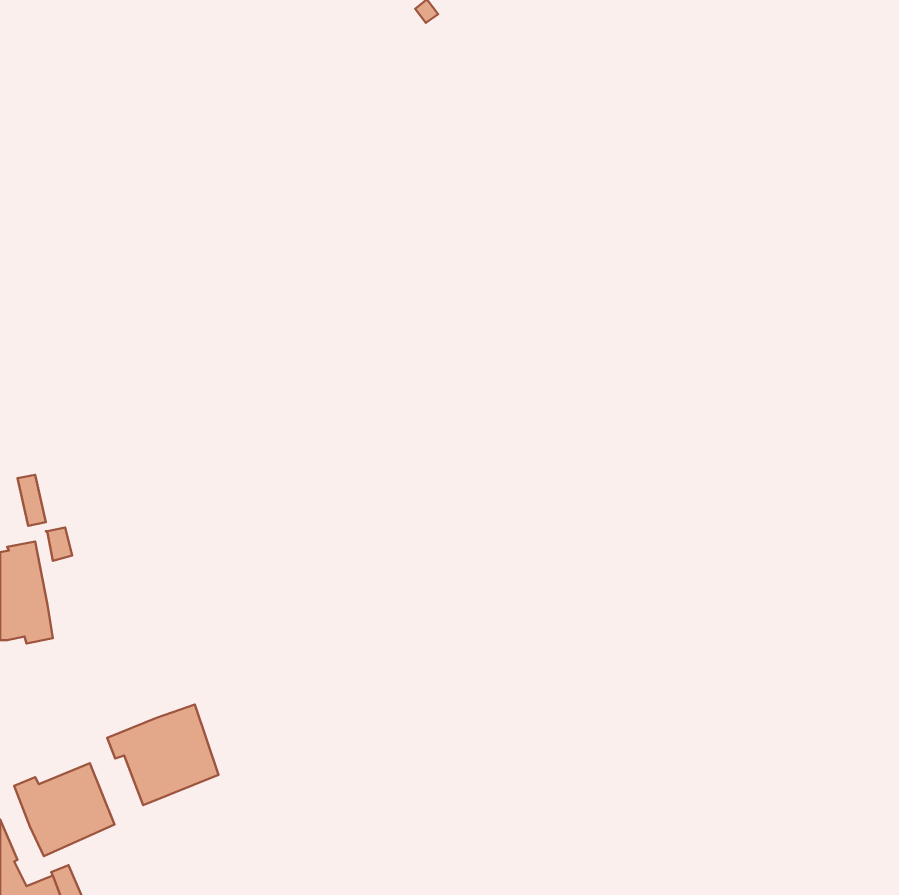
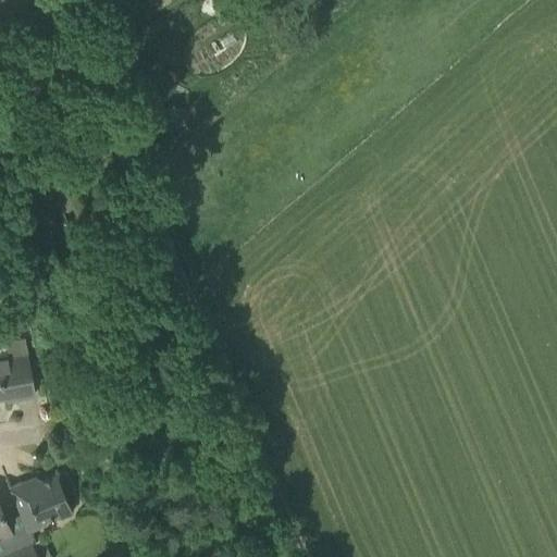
building: [107,705,219,805] -> none

